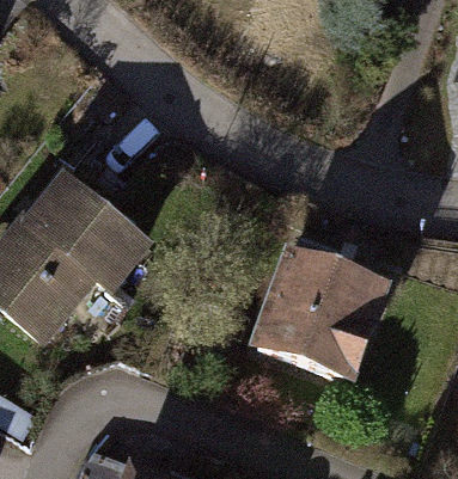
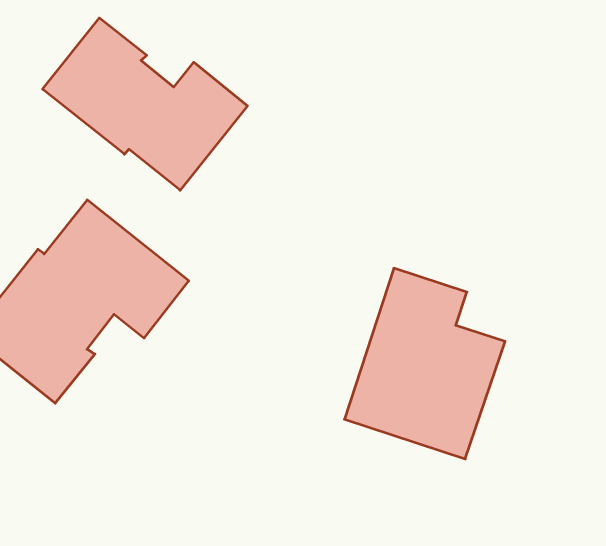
building: none -> [43,18,247,190]

